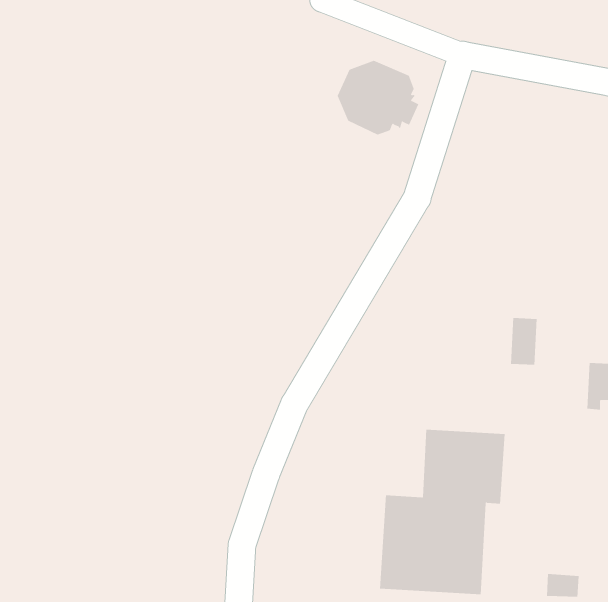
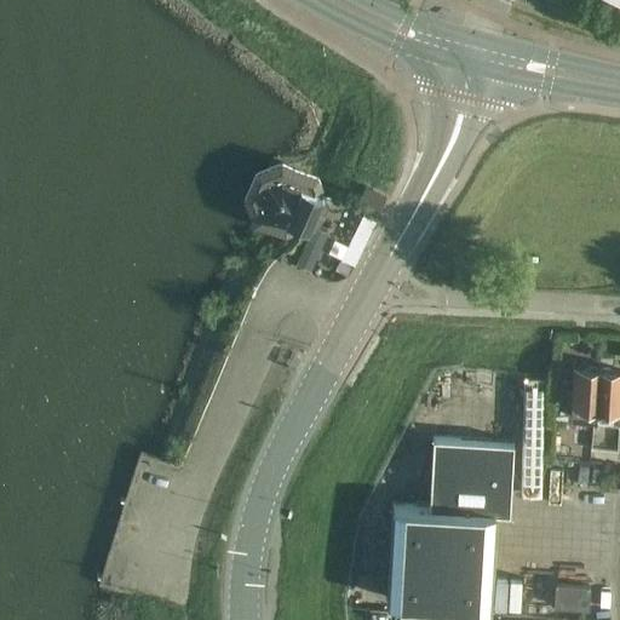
building: [337,60,419,135] -> [245,167,328,243]
building: [510,318,537,365] -> [572,374,599,423]

